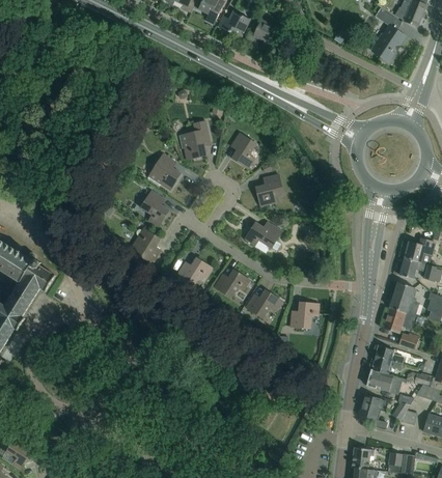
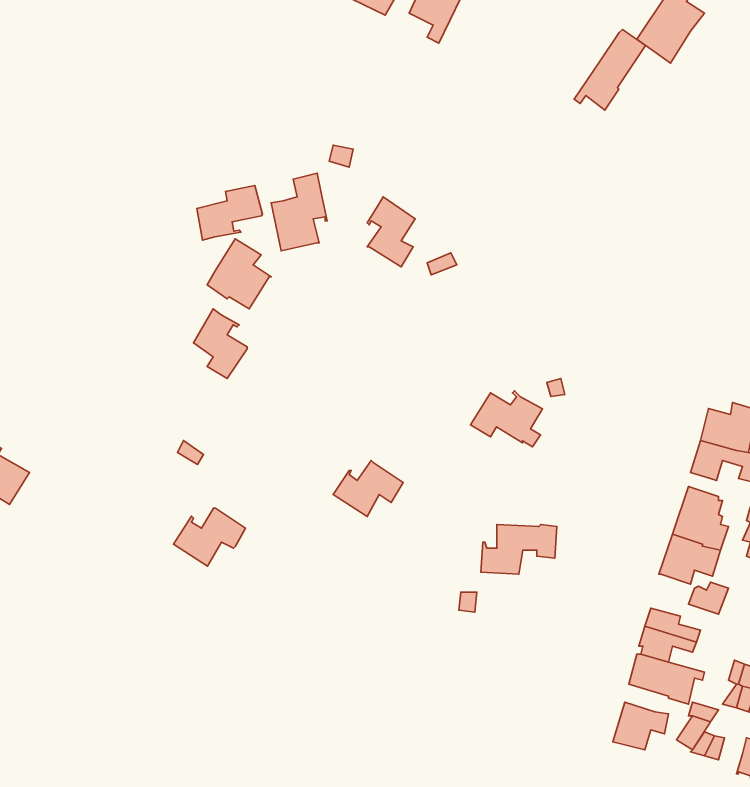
building: none -> [574,29,645,110]
building: none -> [197,186,262,240]
building: [255,174,283,206] -> none
building: [245,221,282,250] -> [470,391,542,447]
building: [130,228,161,263] -> none
building: [175,257,213,287] -> [174,508,245,566]
building: [246,289,282,317] -> none

